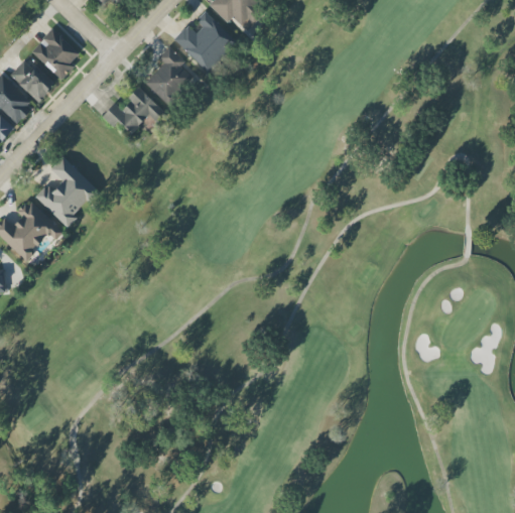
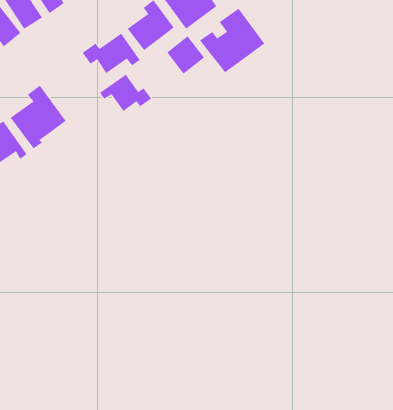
building: none -> [199,8,265,73]
building: none -> [166,35,205,75]
building: none -> [99,74,152,112]

